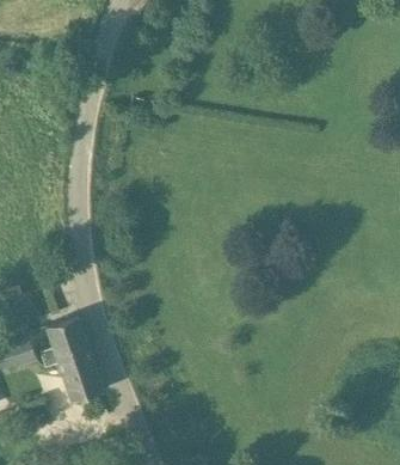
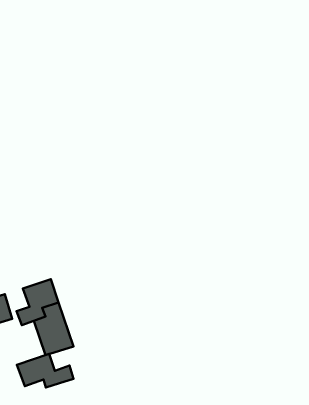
building: none -> [17,354,73,388]

